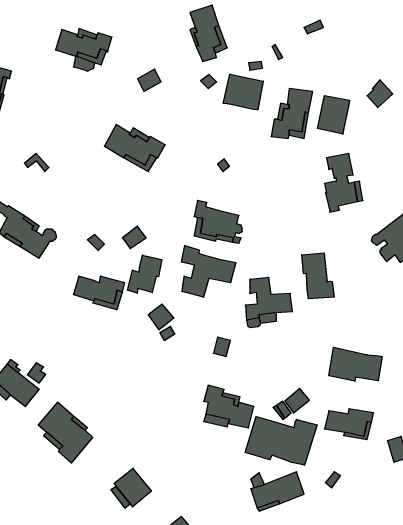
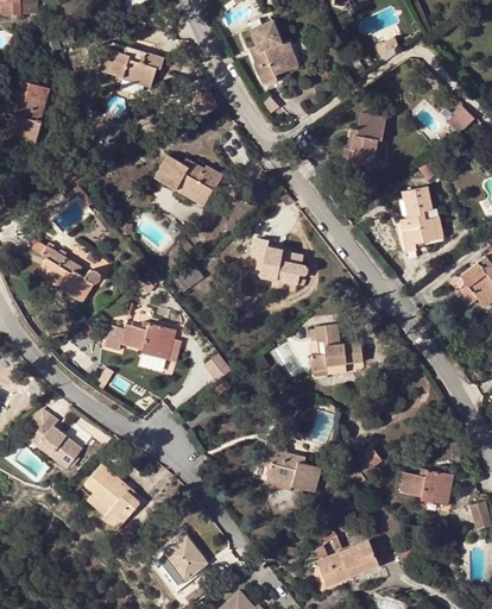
building: [223,74,263,110] -> none
building: [318,96,349,134] -> none
building: [181,245,236,297] -> none
building: [302,253,334,299] -> none
building: [127,255,162,293] -> none
building: [329,347,382,381] -> none
building: [245,416,317,465] -> none

